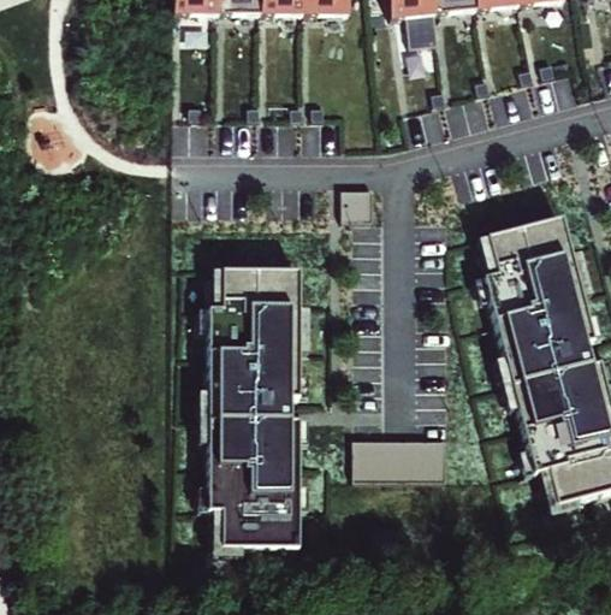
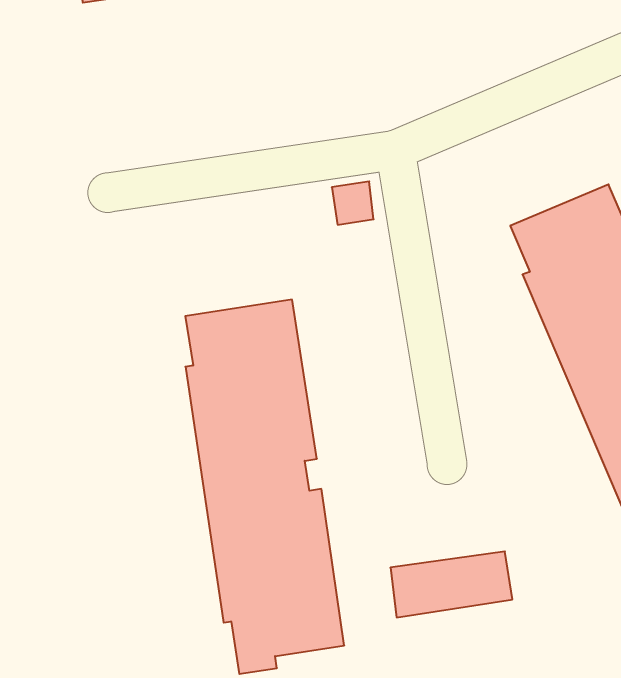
building: [355,438,447,478] -> [390,551,512,617]

